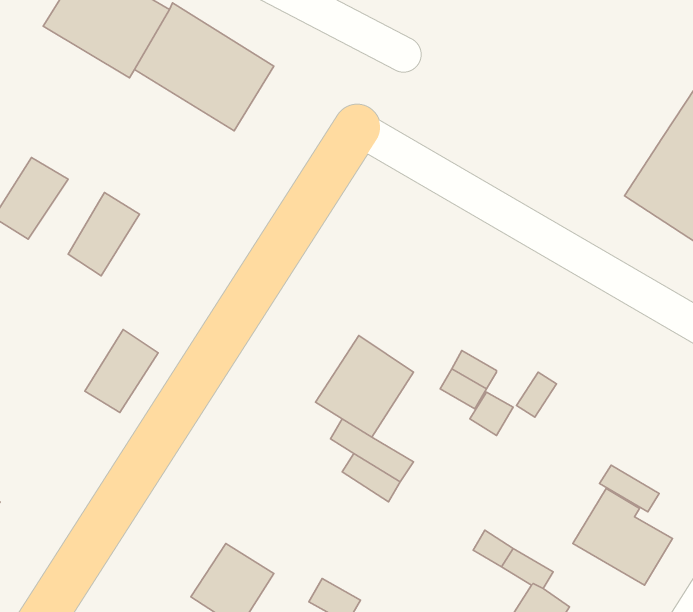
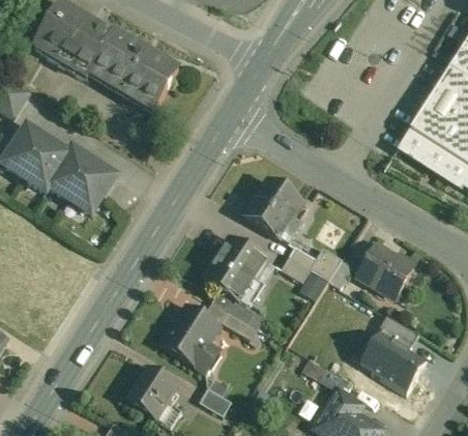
building: none -> [25,138,69,190]
building: none -> [245,178,302,236]
building: [85,329,158,413] -> [70,159,116,211]
building: none -> [357,242,414,297]
building: none -> [311,246,343,279]
building: none -> [162,303,220,372]

